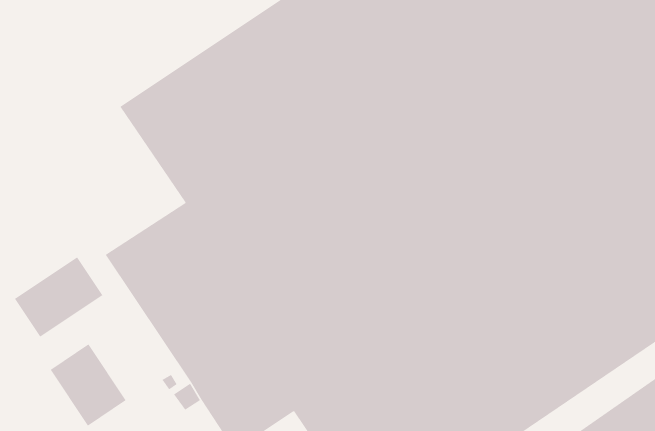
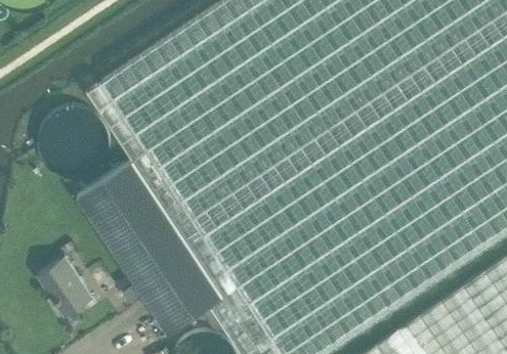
building: [14,256,103,337] -> none

